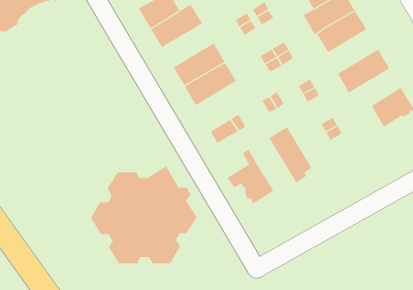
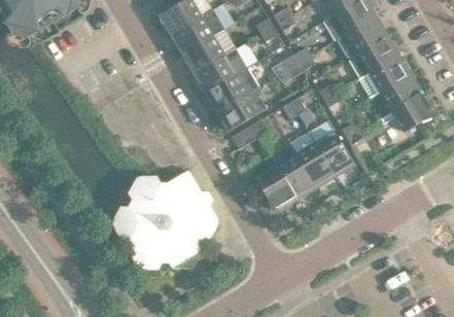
building: none -> [348,34,398,77]
building: none -> [182,35,224,72]
building: none -> [379,73,421,110]
building: none -> [216,85,266,130]
building: none -> [308,119,354,172]
building: none -> [276,153,316,195]

